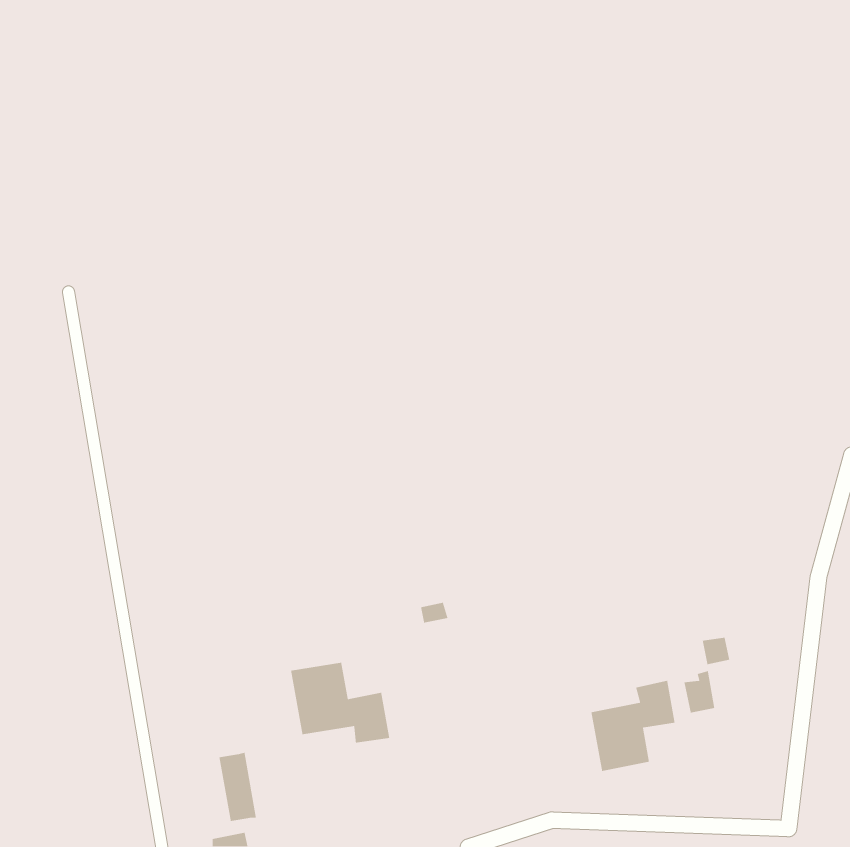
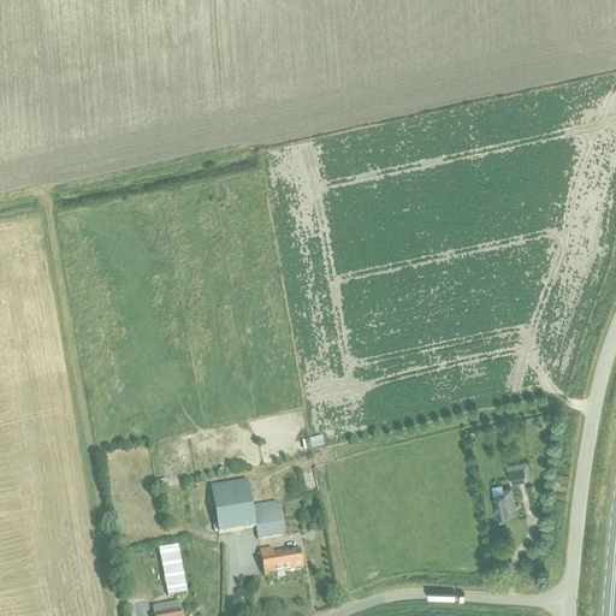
building: [591,680,676,772] -> none
building: none -> [260,546,304,573]

